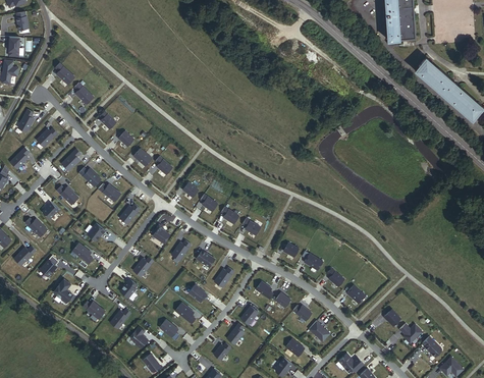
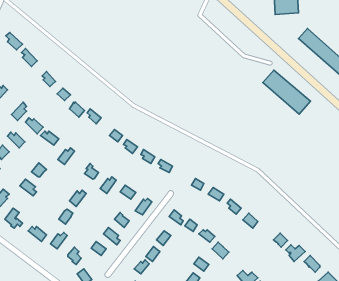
building: none -> [263,70,310,114]

